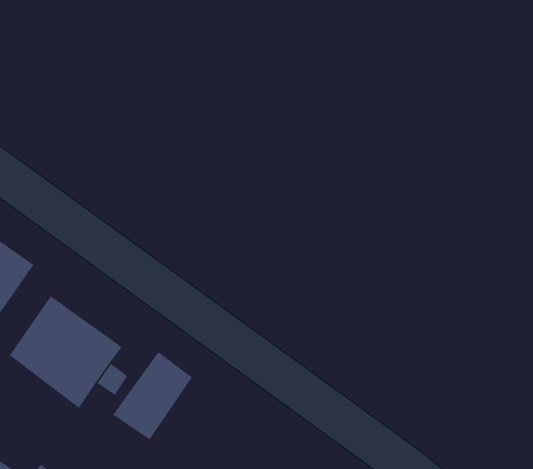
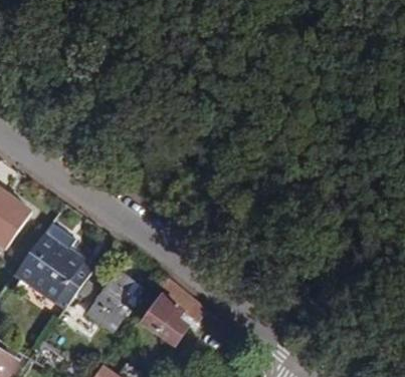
building: none -> [142,297,188,345]

